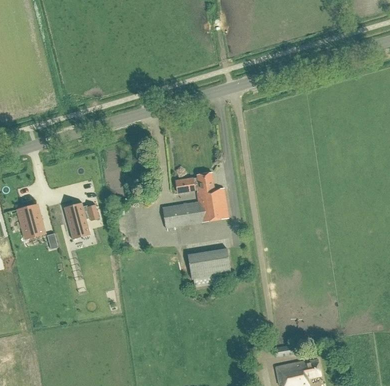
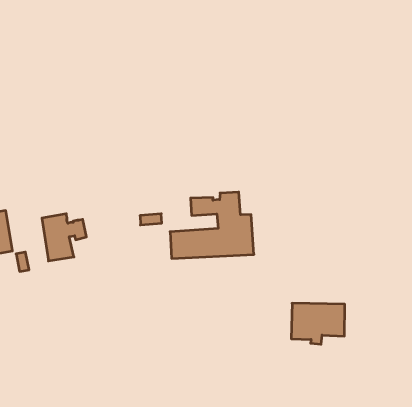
building: [196,248,238,280] -> [291,303,345,344]

